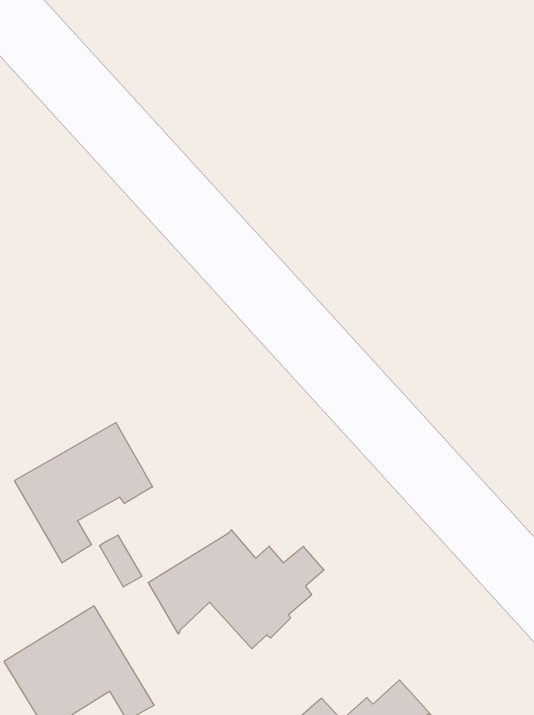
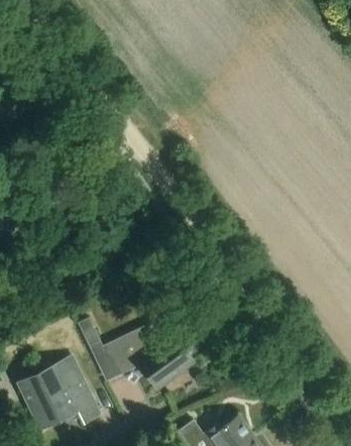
building: [15,423,153,563] -> none

